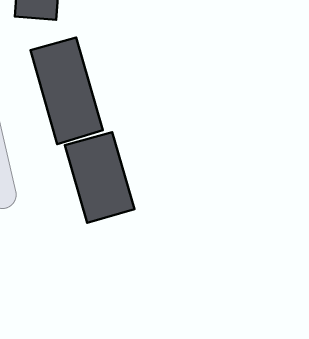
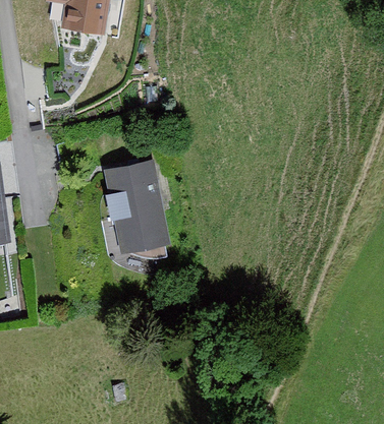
building: [30,37,103,144] -> none

